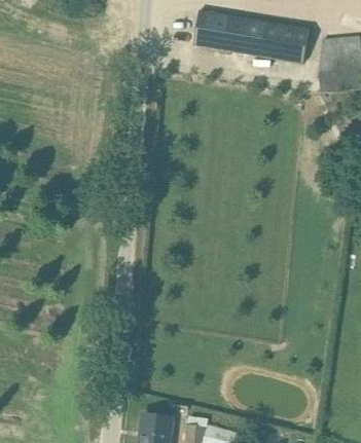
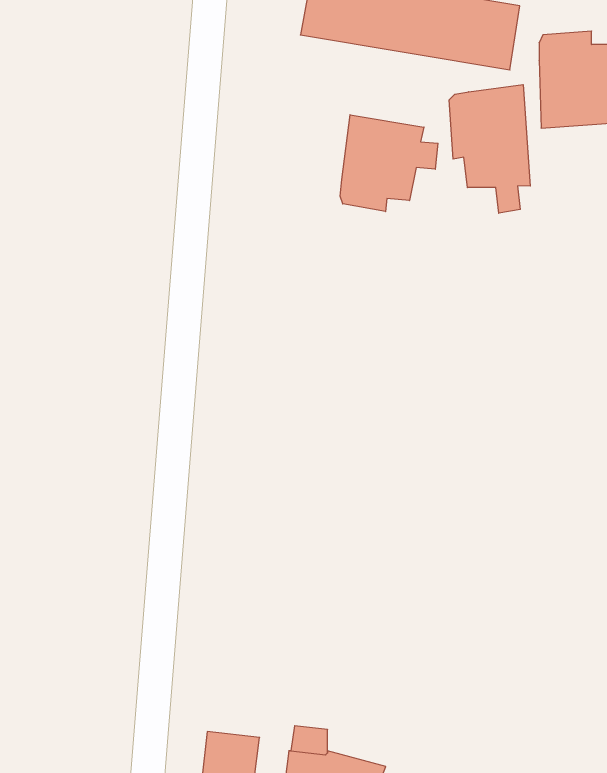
building: none -> [449,85,530,213]
building: none -> [340,115,438,212]

